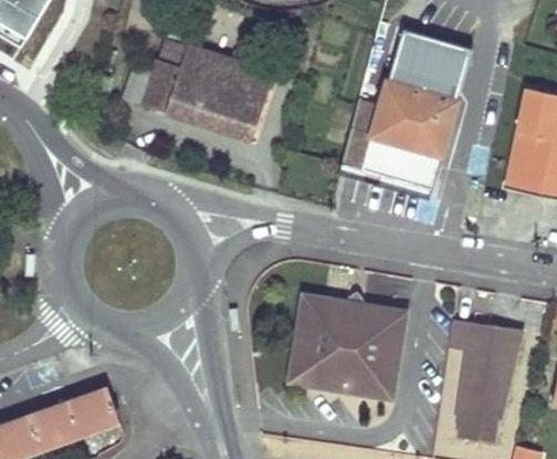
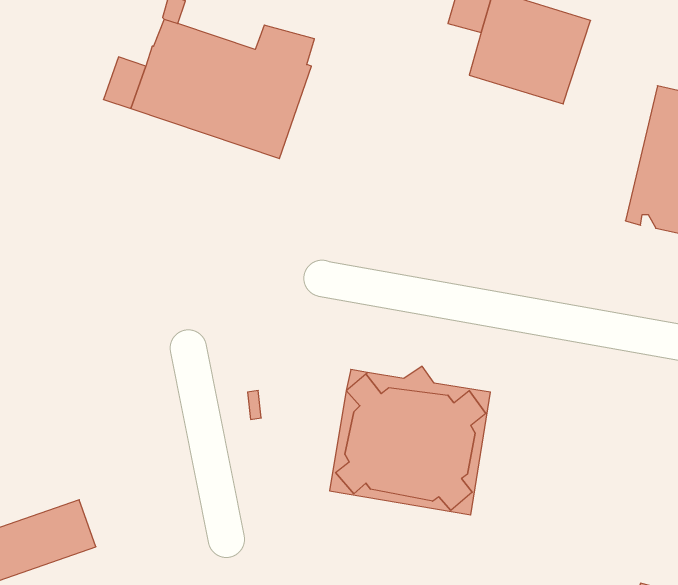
building: [343,77,459,188] -> none
building: [449,317,522,442] -> none

